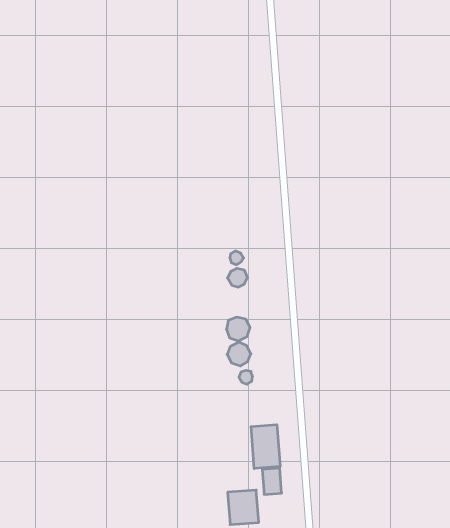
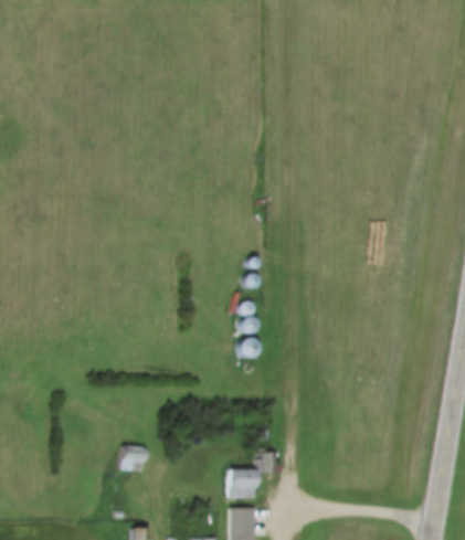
building: [251,425,280,469] -> none
building: none -> [118,444,146,473]

